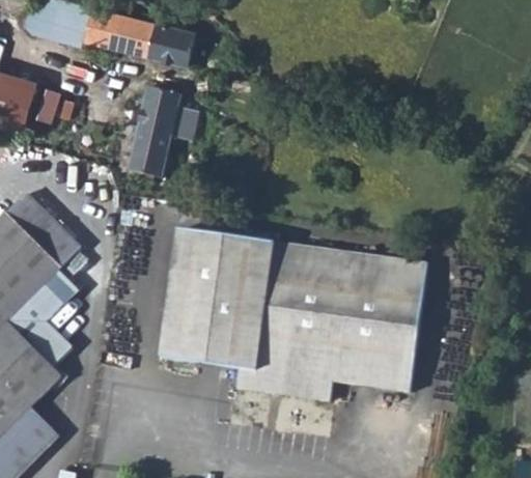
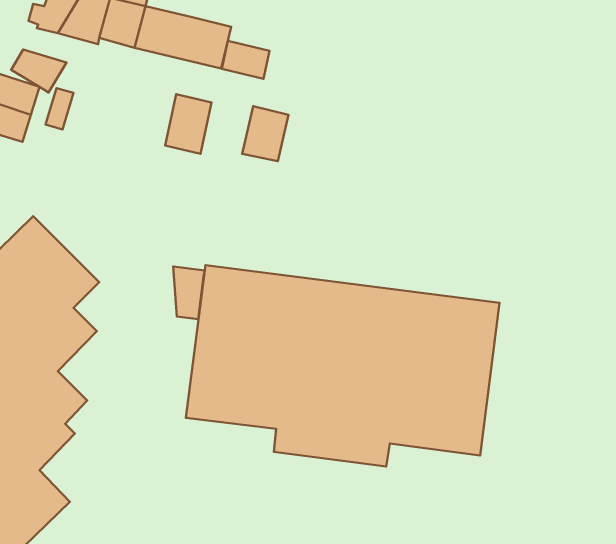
building: none -> [222,41,270,79]
building: none -> [11,50,67,93]
building: [132,130,171,176] -> [242,106,289,161]
building: none -> [173,266,205,319]

